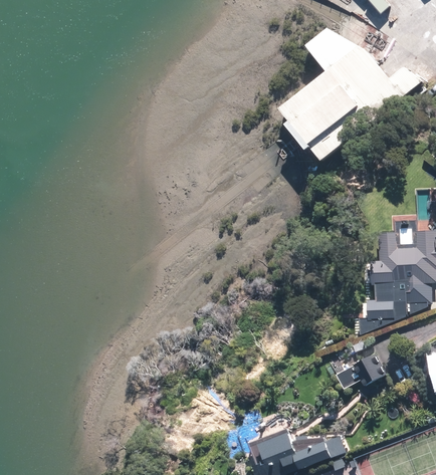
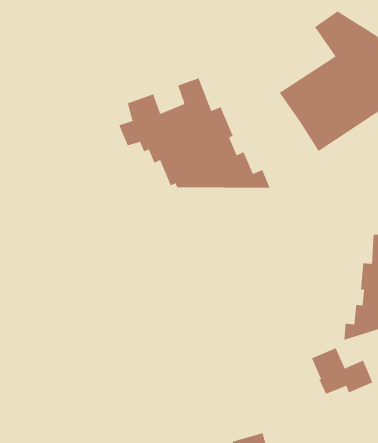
building: none -> [119,78,270,188]

